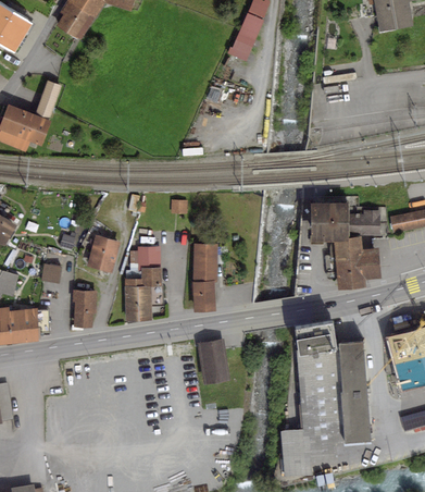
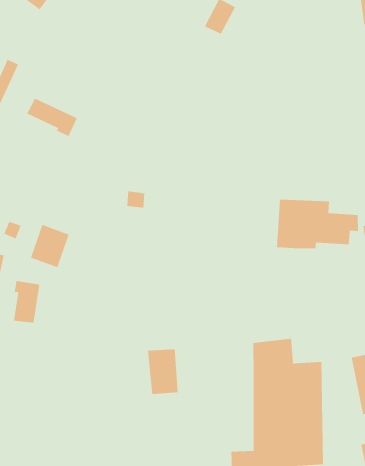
building: none -> [27,98,77,137]
building: [325,236,380,288] -> none
building: [191,241,218,308] -> none
building: [124,245,163,319] -> none

